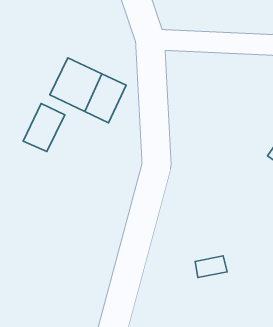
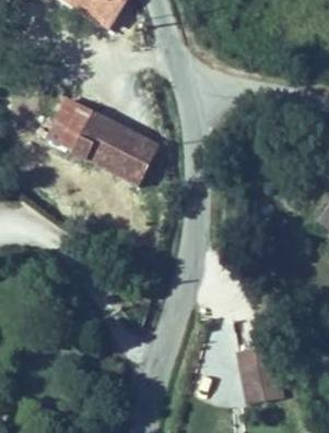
building: [23,104,65,152] -> [42,97,90,153]
building: none -> [240,358,281,399]

